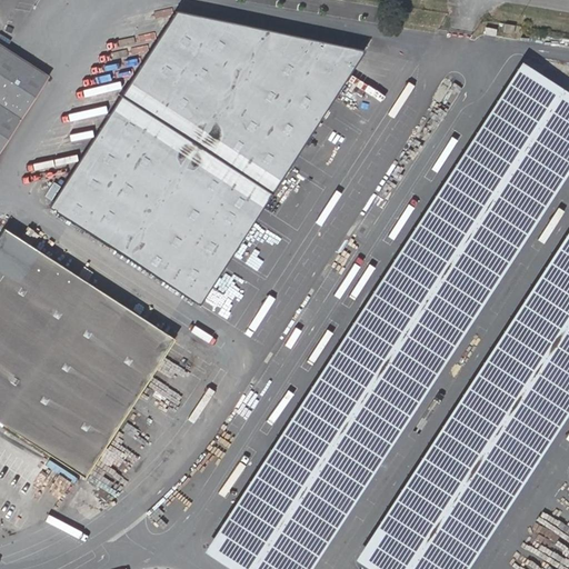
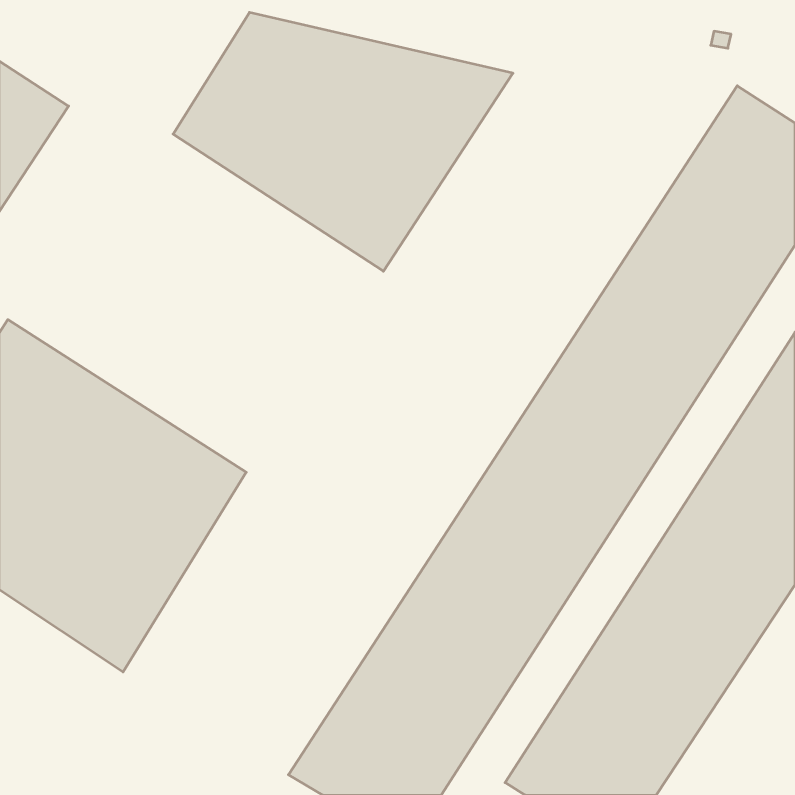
building: [51,96,273,306] -> none

